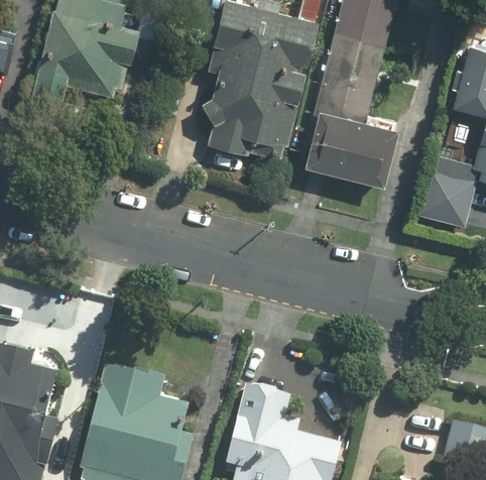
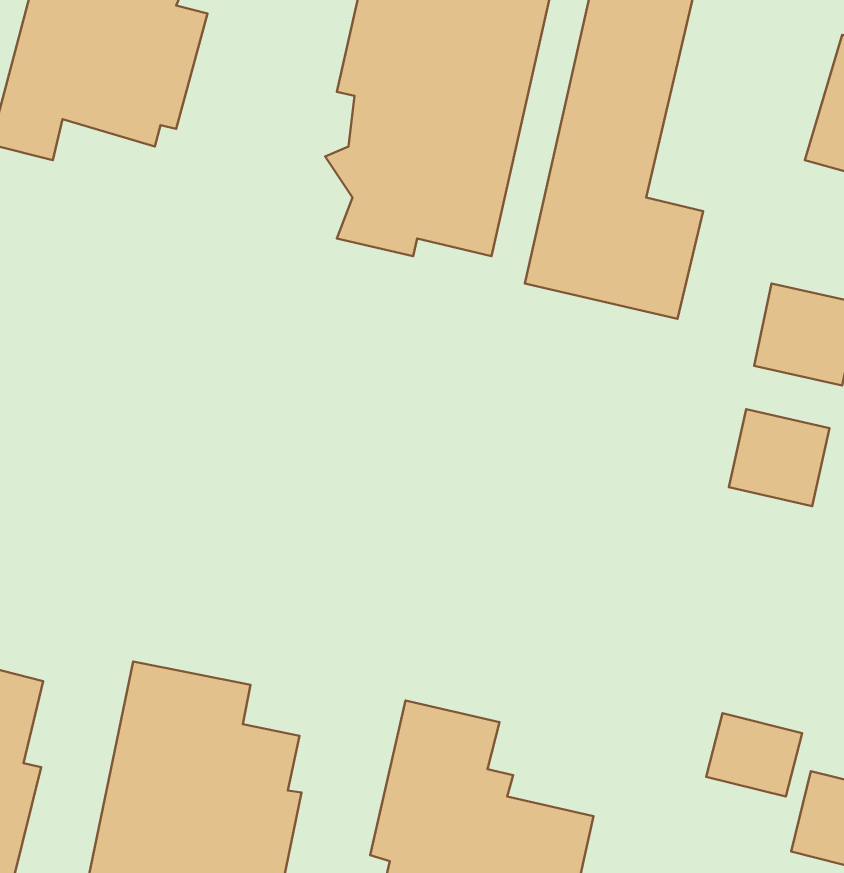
building: none -> [729,409,830,506]
building: none -> [706,713,802,797]

